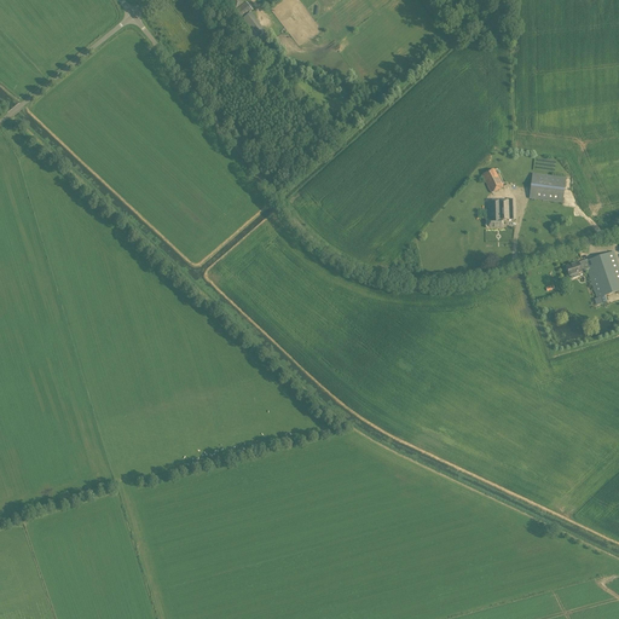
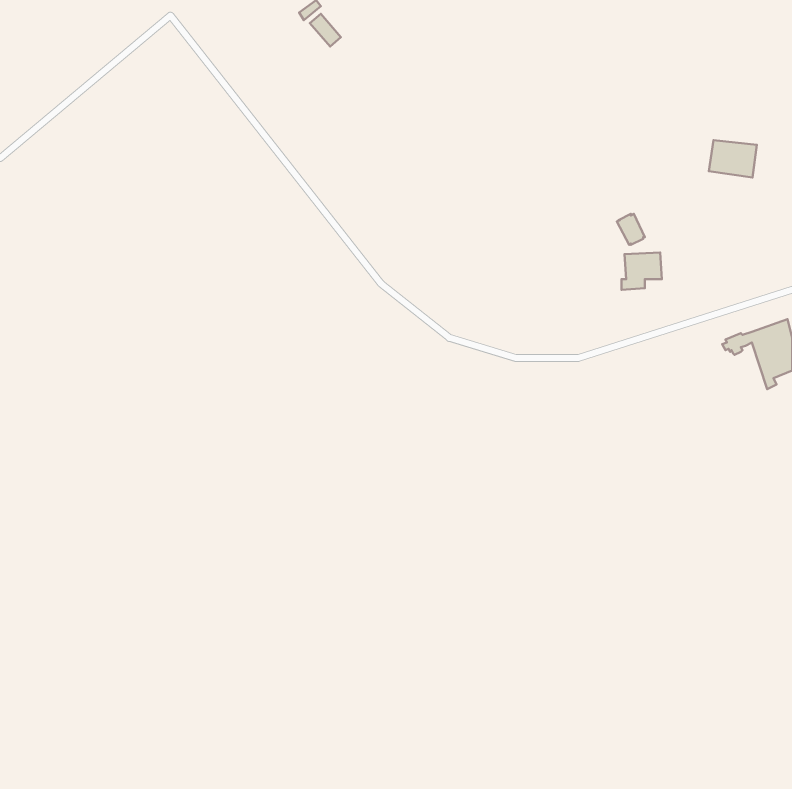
building: [528,172,566,201] -> [709,140,757,177]

